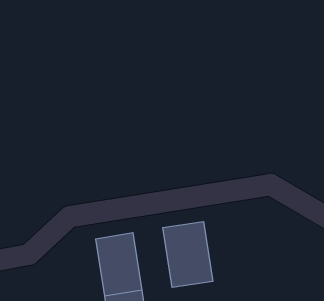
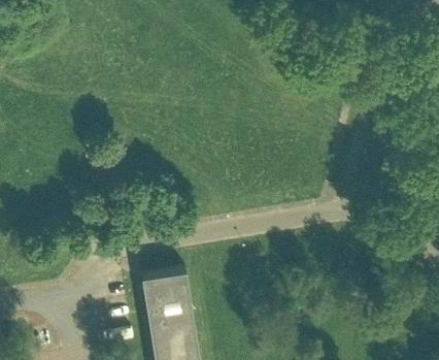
building: [163,222,213,287] -> none

